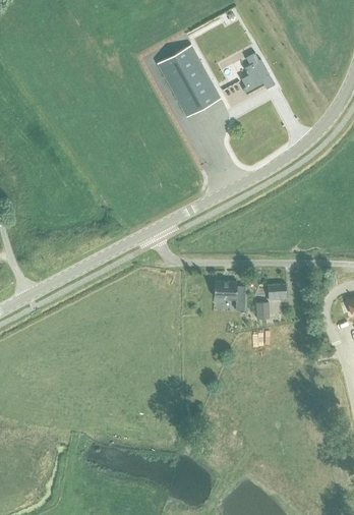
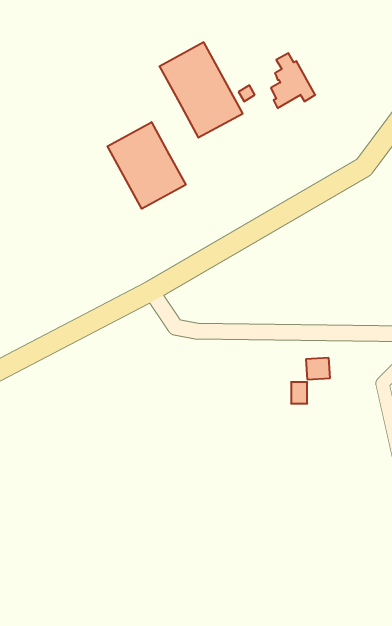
building: none -> [107,122,186,209]
building: [213,279,244,308] -> none

